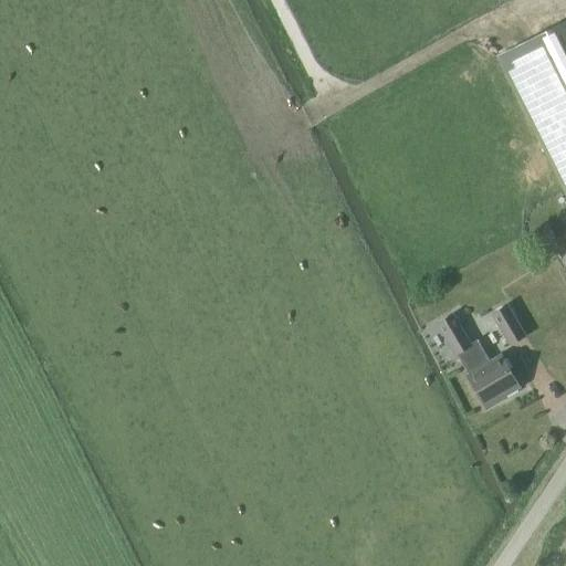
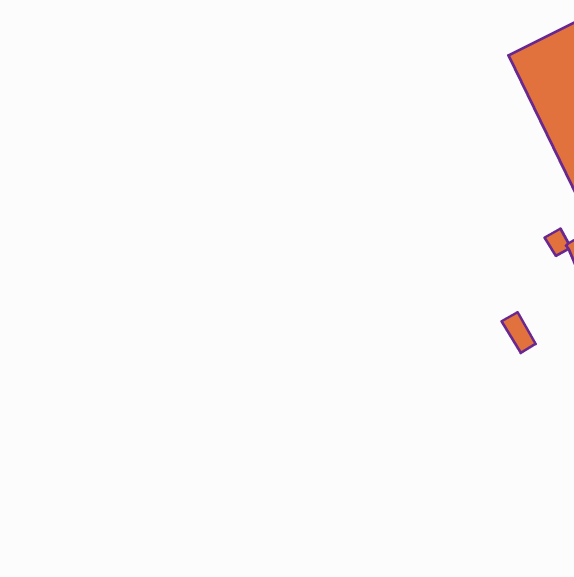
building: [440,316,522,407] -> none

